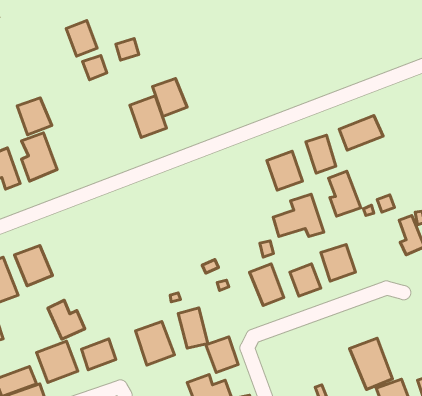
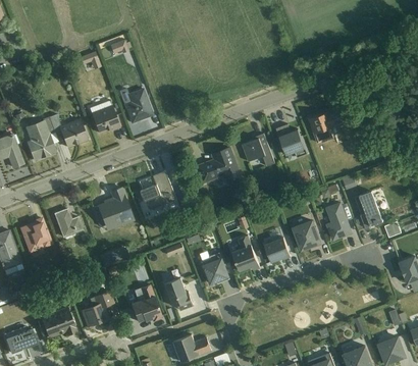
building: [66,20,97,56] -> none
building: [153,78,187,116] -> [90,101,120,135]
building: [17,98,52,135] -> [58,115,89,148]
building: [329,171,361,216] -> [324,201,353,241]
building: none -> [140,170,172,216]
building: [273,194,324,237] -> [197,146,242,184]
building: none -> [94,188,133,226]
building: [48,300,85,339] -> [52,207,85,242]
building: [206,337,238,373] -> [201,254,229,285]
building: [350,338,392,389] -> none

